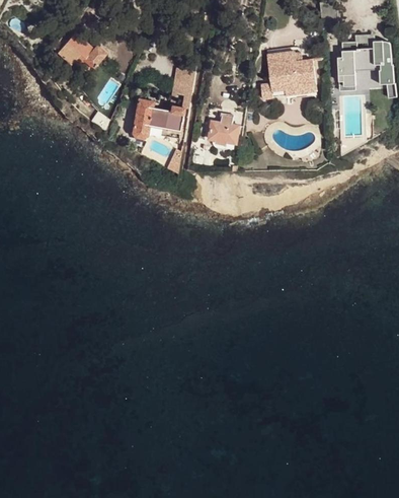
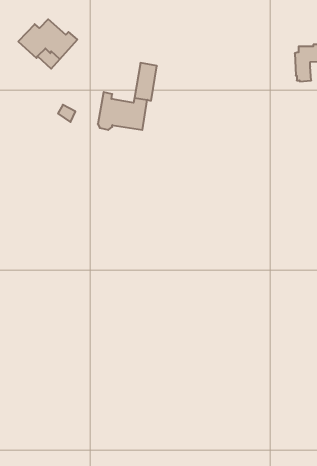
building: [261,48,317,97] -> none
building: [207,114,239,144] -> none

